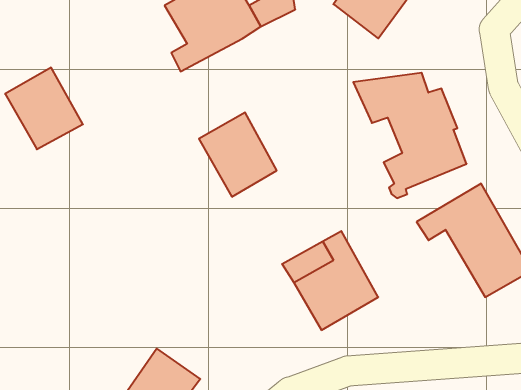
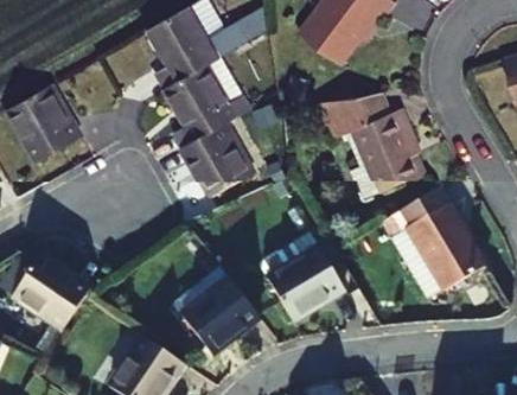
building: none -> [165,60,248,151]
building: none -> [14,259,90,332]
building: none -> [180,281,256,353]

